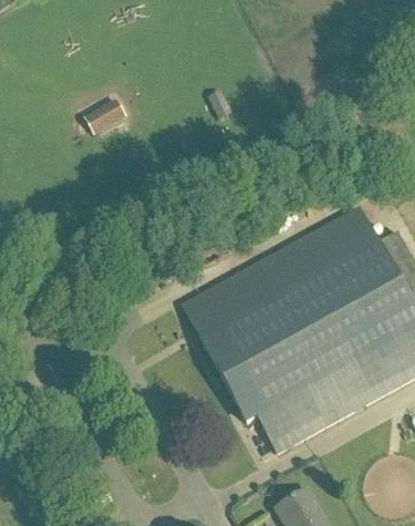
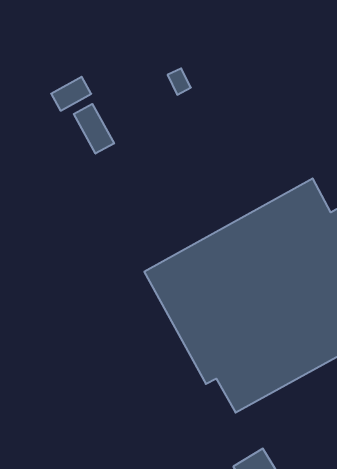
building: none -> [74,104,114,154]

